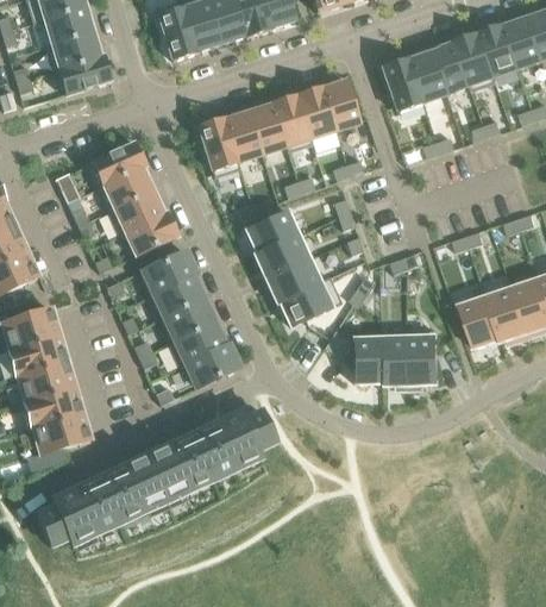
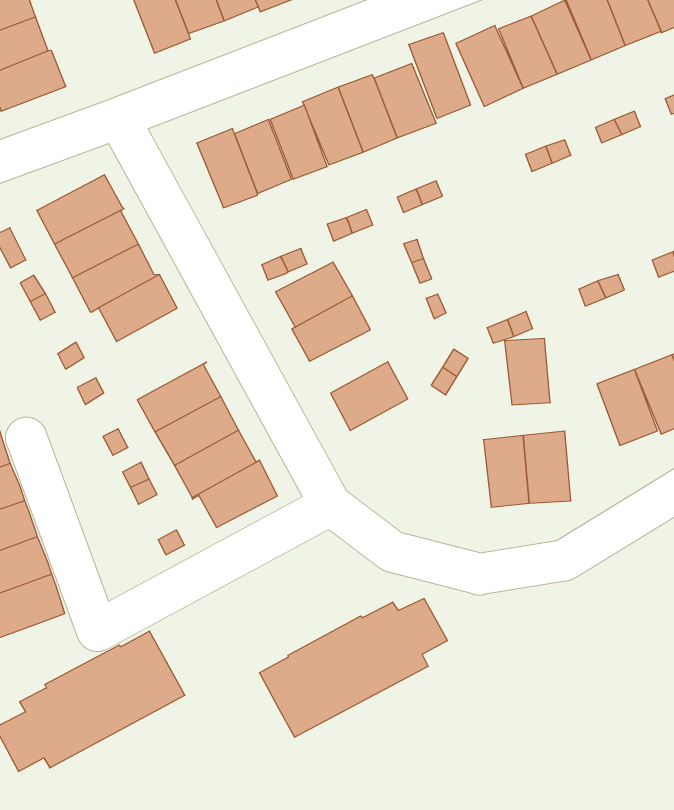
building: none -> [409,33,470,118]
building: [137,250,196,296] -> none
building: [266,258,320,301] -> none
building: [353,338,382,382] -> [505,338,550,405]
building: [146,411,276,500] -> [259,598,448,737]

